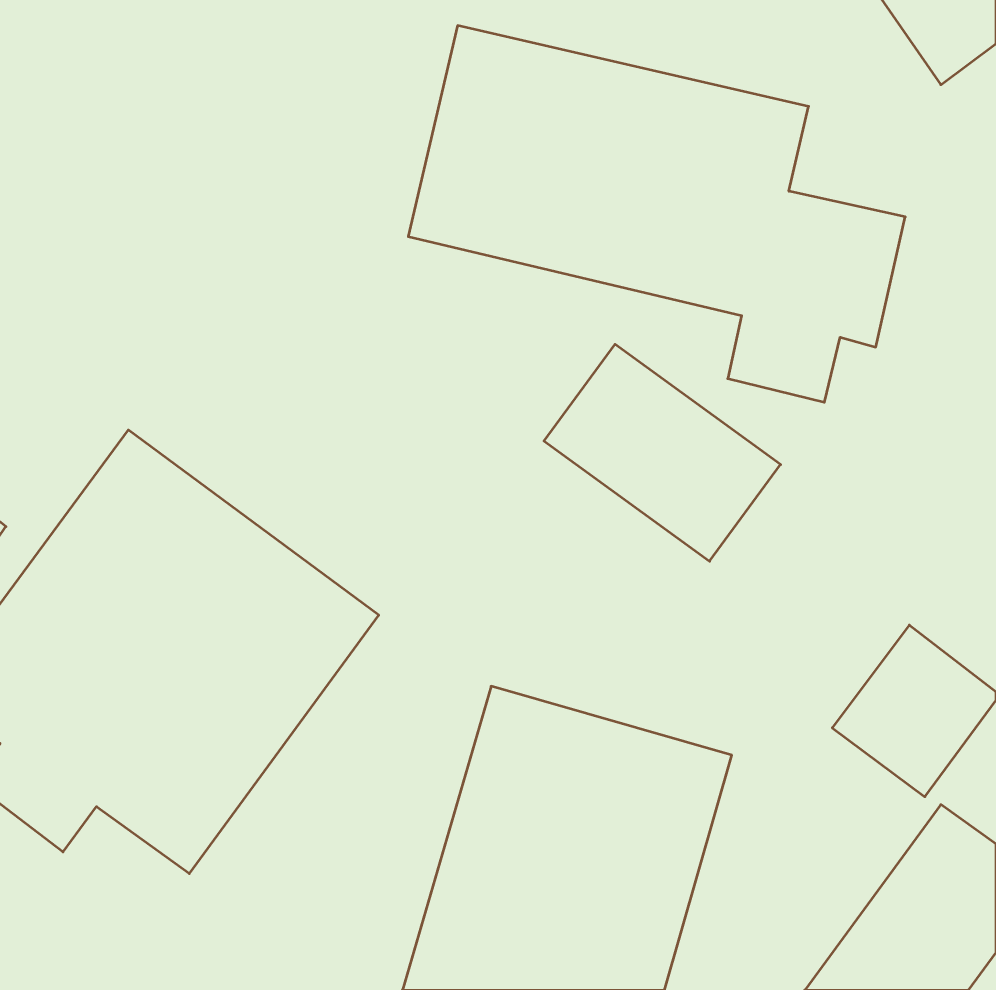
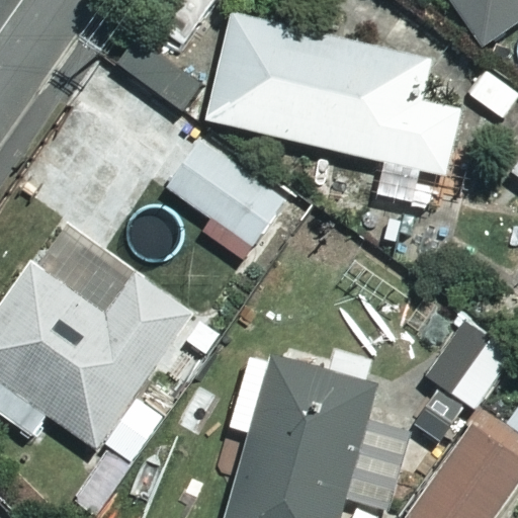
building: [544,344,781,561] -> [167,138,288,249]

